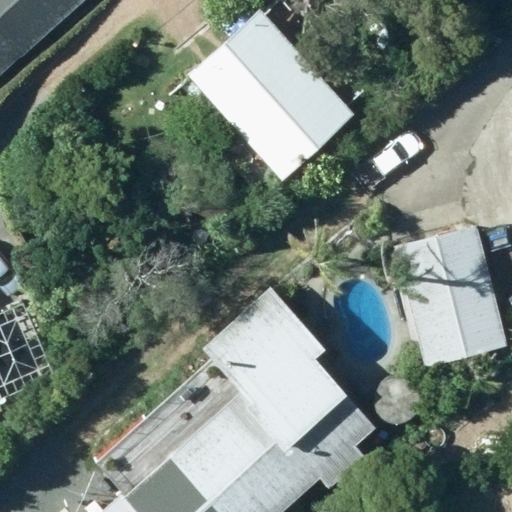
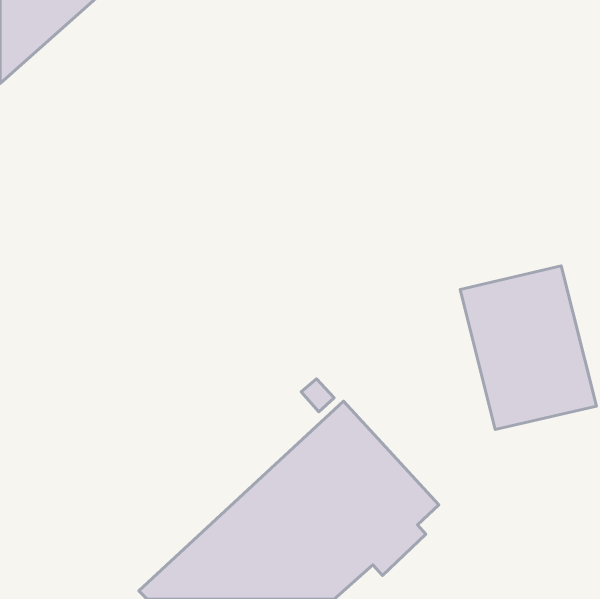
building: [182,8,352,181] -> none

